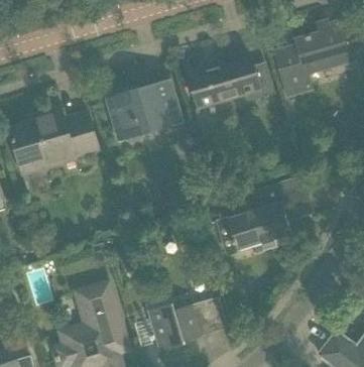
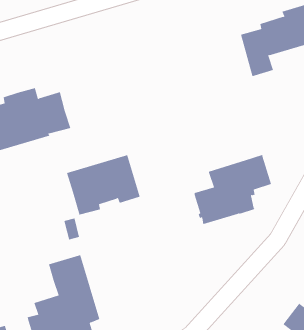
building: [186,58,271,109] -> none
building: [104,79,181,142] -> [66,154,141,215]
building: [146,297,227,352] -> none

